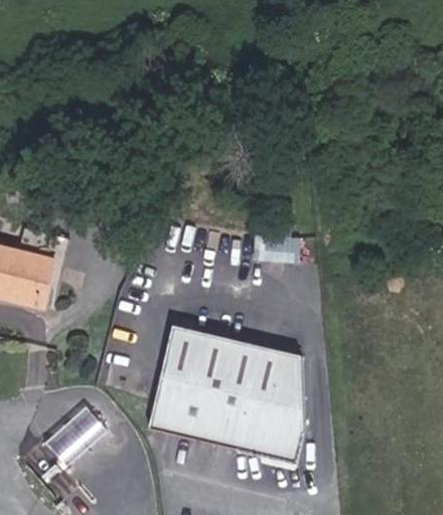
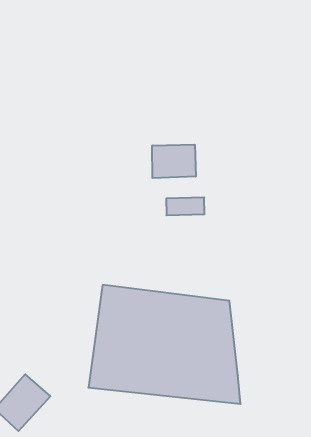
building: none -> [152,145,196,178]

